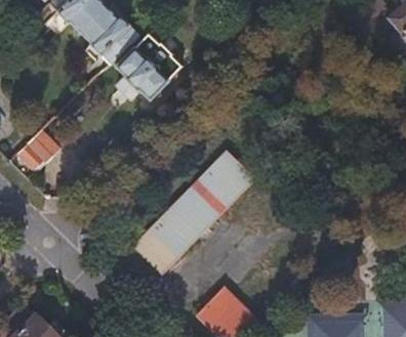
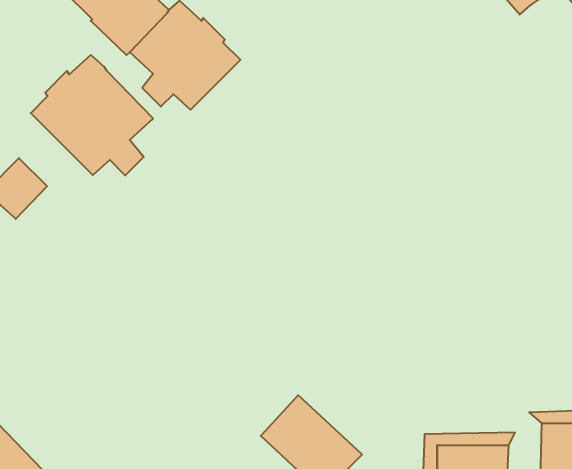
building: none -> [31,55,153,175]
building: [134,151,253,273] -> none

